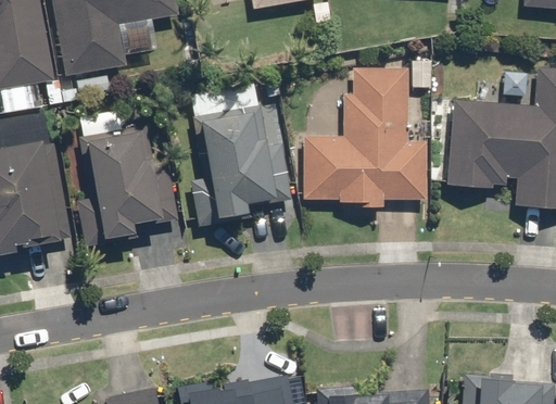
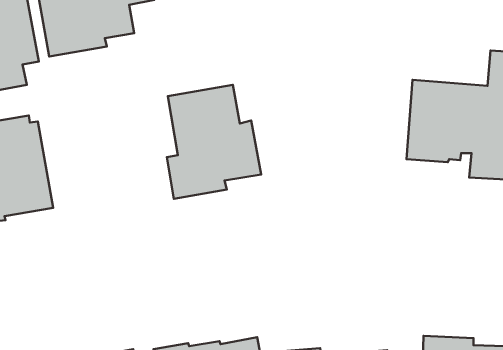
building: [304,68,427,205] -> none
building: [78,125,179,247] -> none

